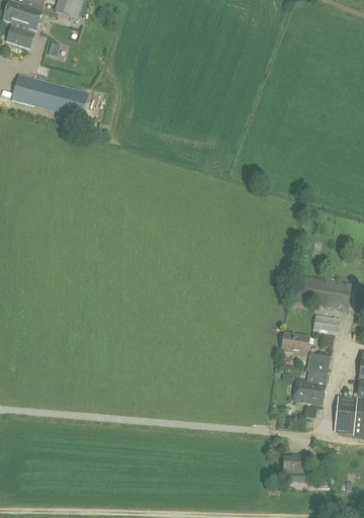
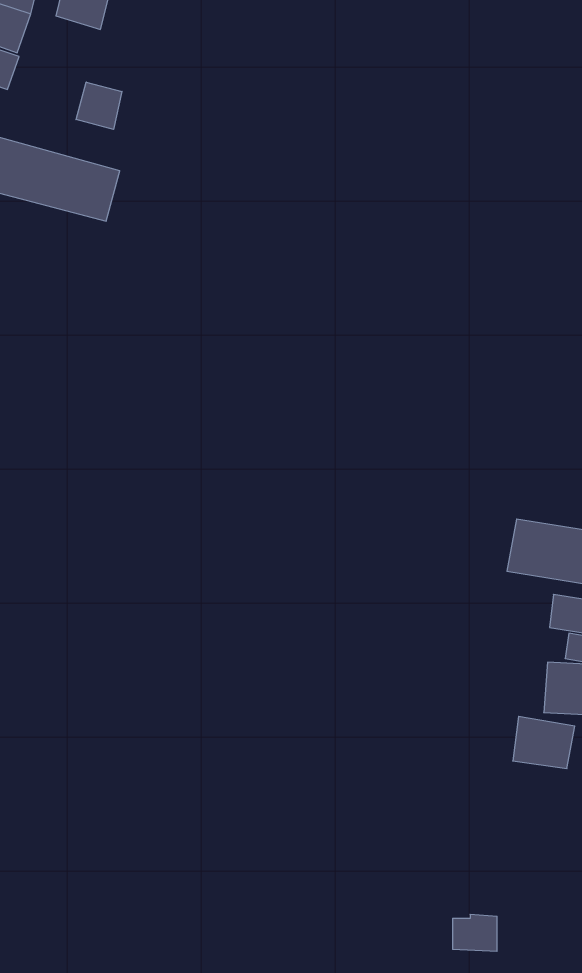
building: none -> [76,82,122,129]
building: [280,333,307,356] -> none
building: [282,454,305,473] -> [453,914,497,951]

